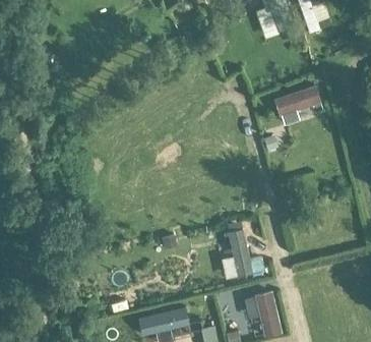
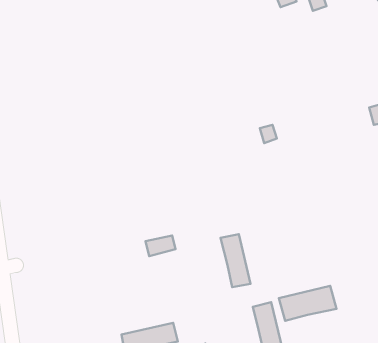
building: [274,85,320,116] -> none
building: none -> [279,286,336,321]

